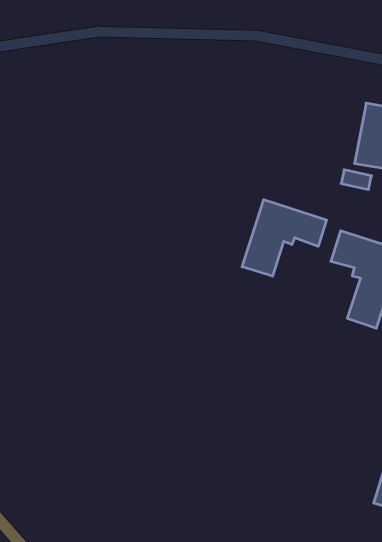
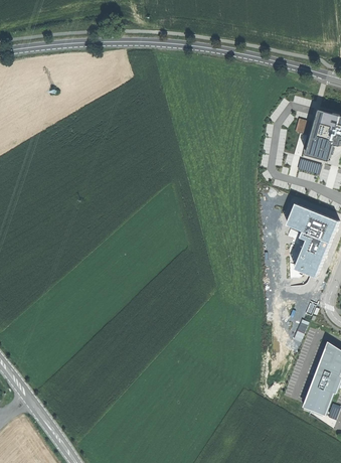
building: [242,200,327,276] -> none

